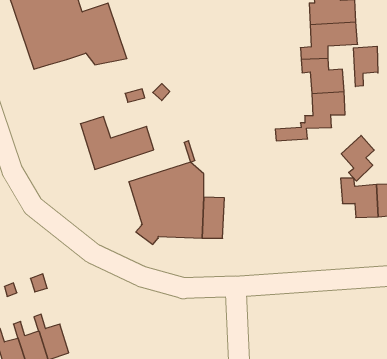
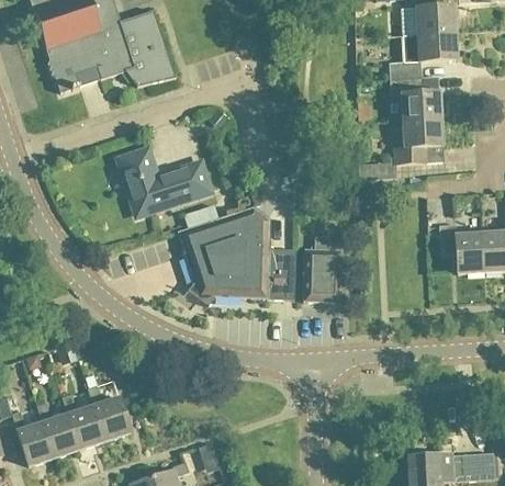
building: [353,46,378,87] -> none
building: [341,135,374,181] -> none
building: none -> [302,248,341,302]
building: none -> [88,384,131,439]

